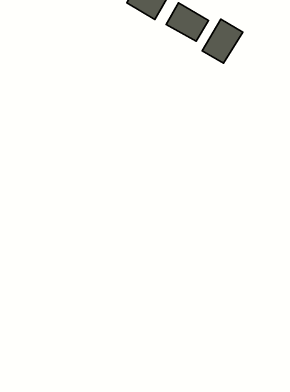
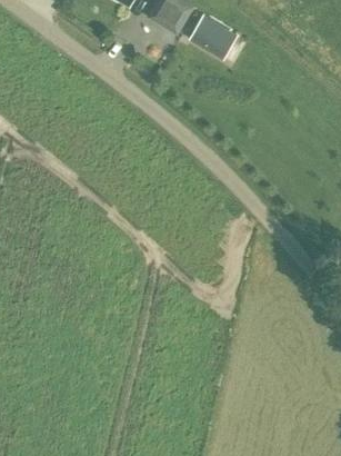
building: [202,19,243,63] -> none

